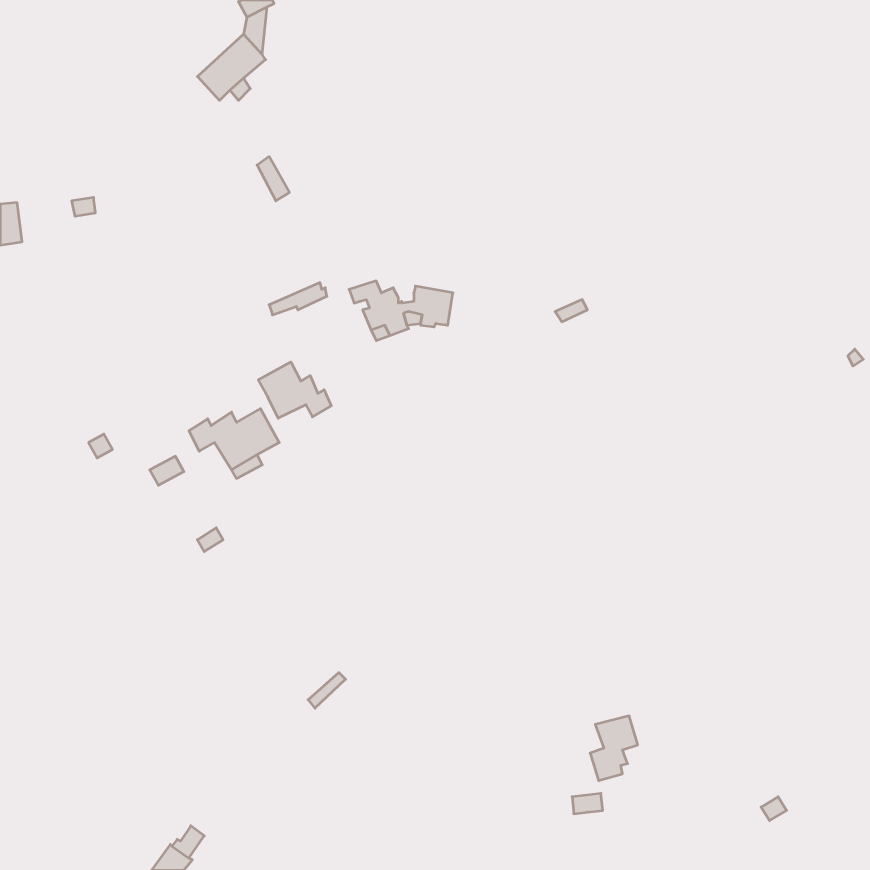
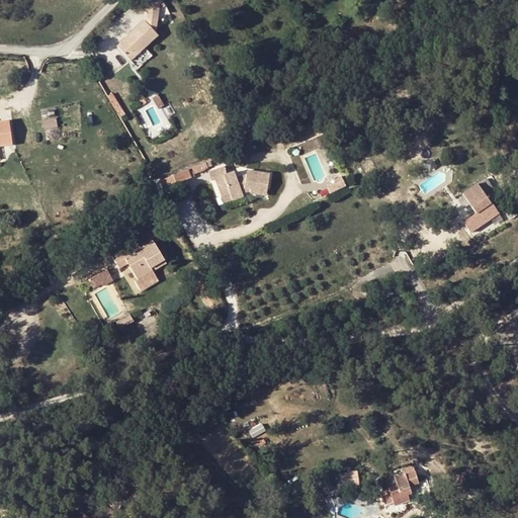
building: none -> [462,184,497,232]
building: [258,362,331,418] -> none
building: [590,716,638,781] -> [390,465,418,504]

